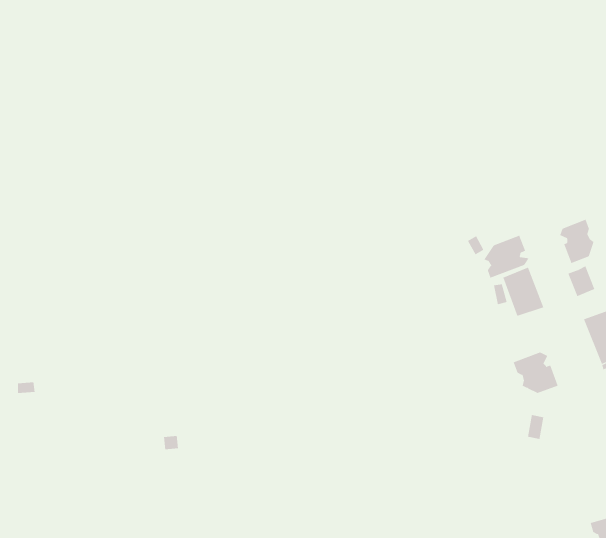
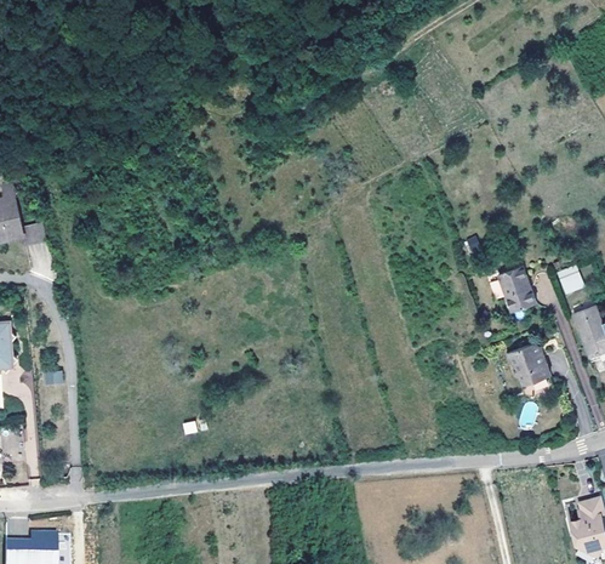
building: [560,219,594,264] -> none
building: [483,235,529,278] -> none

